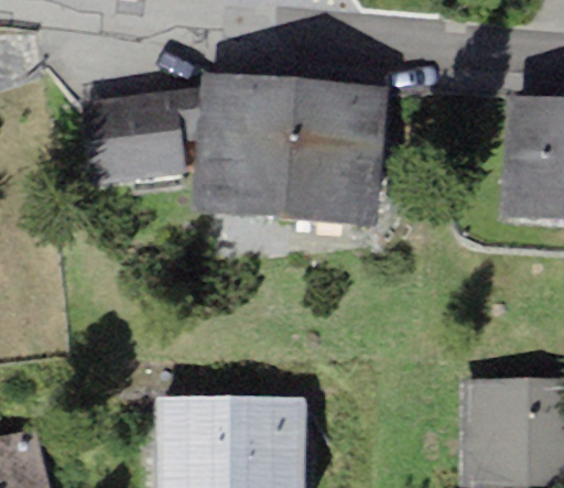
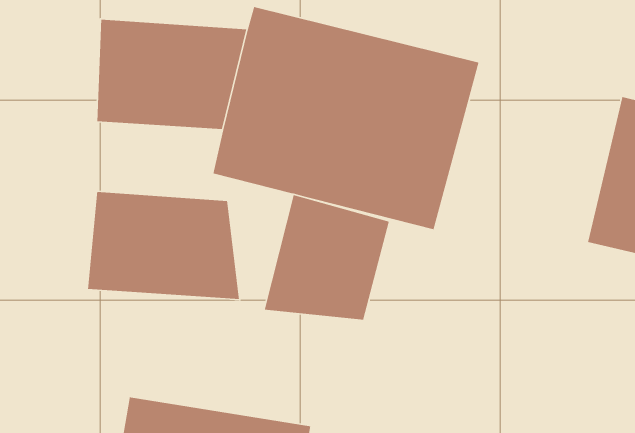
building: none -> [264,194,390,321]
building: none -> [87,191,240,300]

